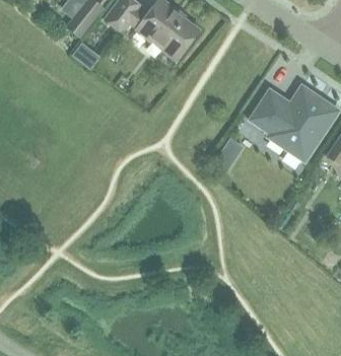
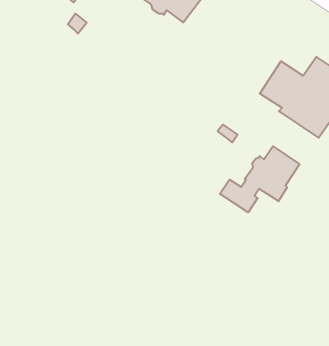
building: none -> [220,146,300,212]

